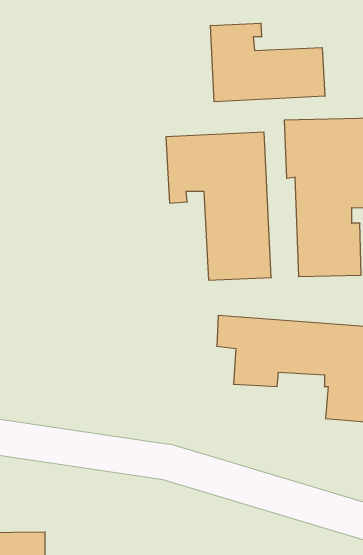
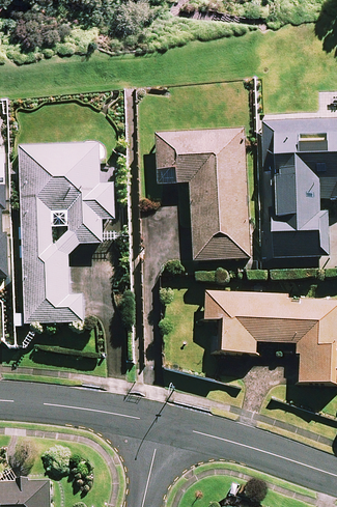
building: [210,23,325,102] -> none
building: none -> [19,143,114,322]

